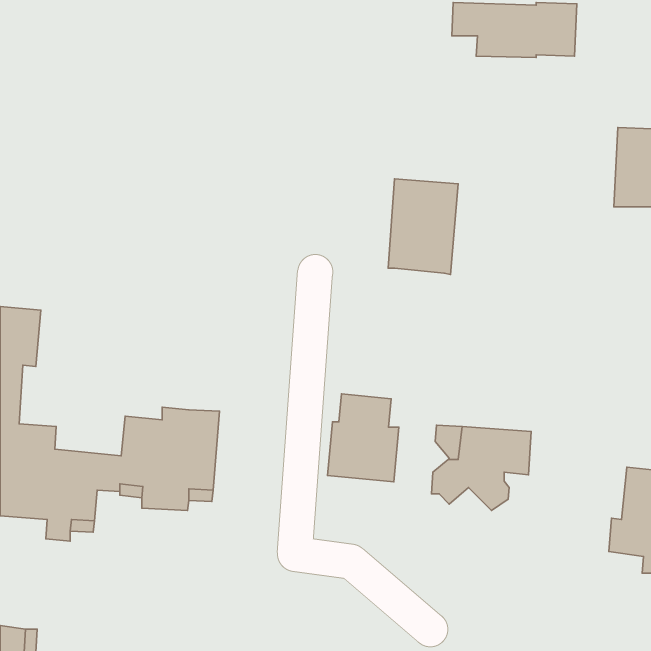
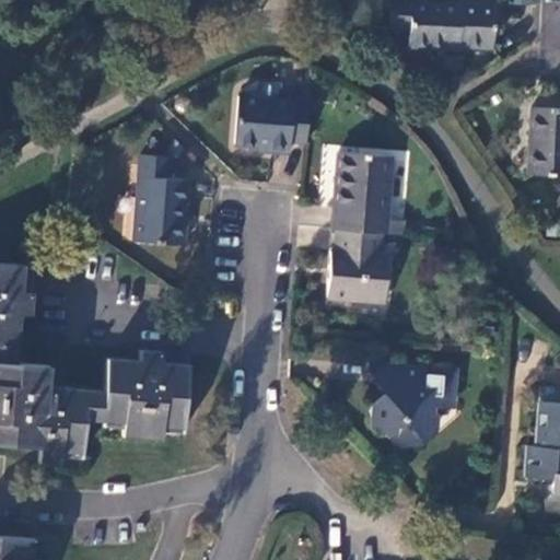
building: none -> [235,82,311,155]
building: none -> [135,154,189,246]
building: [327,394,399,482] -> [327,231,388,306]

